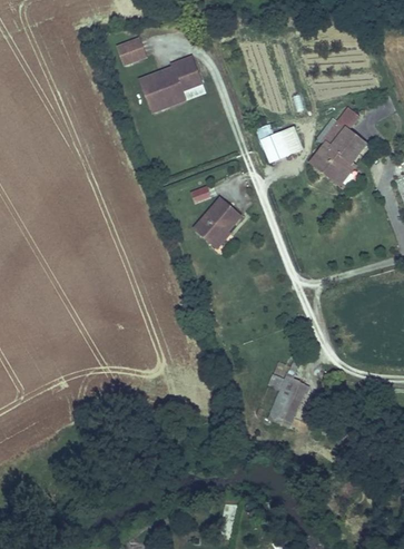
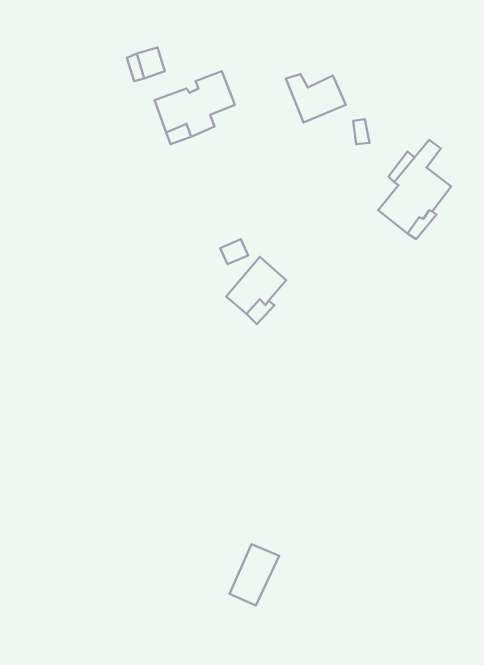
building: [257,125,303,161] -> [286,74,346,122]
building: [268,380,306,427] -> [230,544,279,606]

